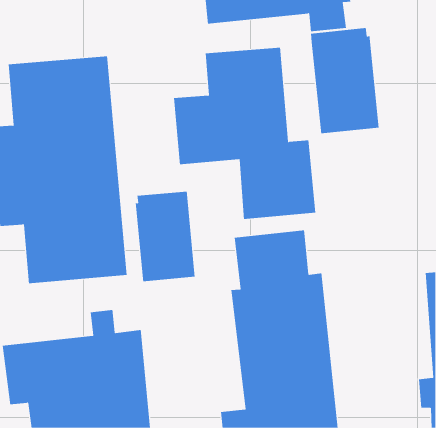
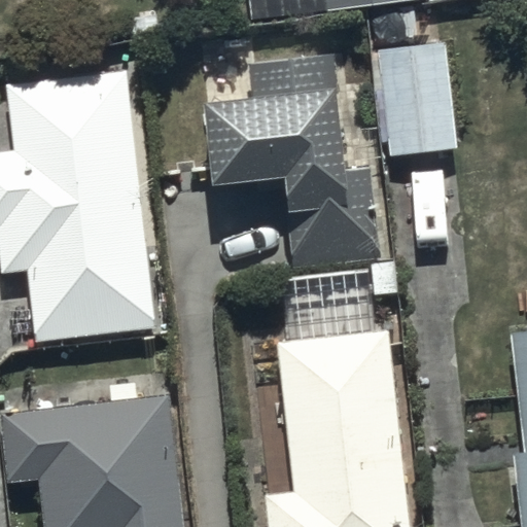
building: [135,191,195,282] -> none

